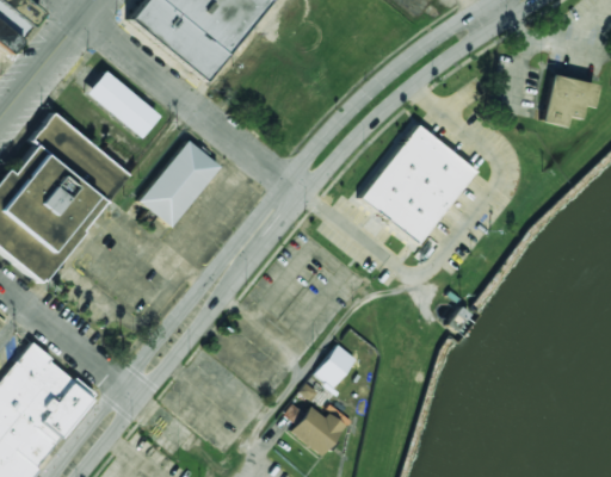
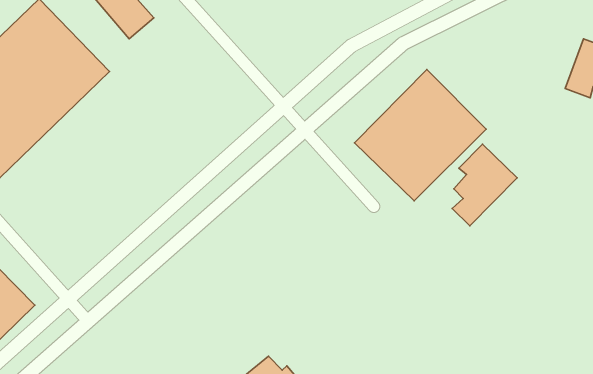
building: [140,140,221,227] -> none
building: none -> [452,144,517,226]
building: [316,345,357,388] -> none

